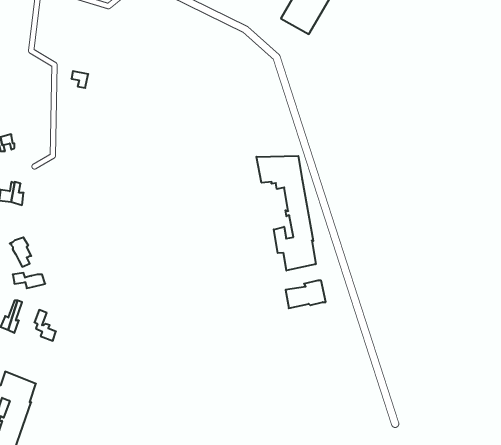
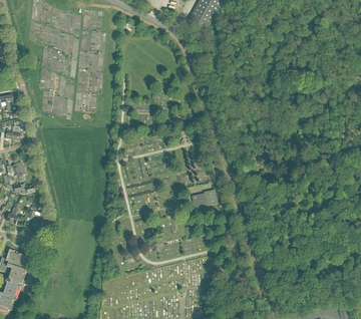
building: [256,156,316,271] -> none

